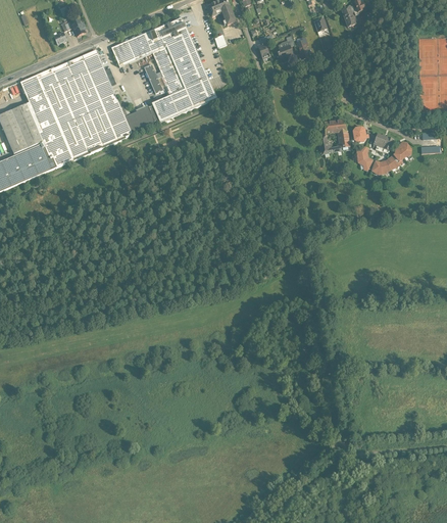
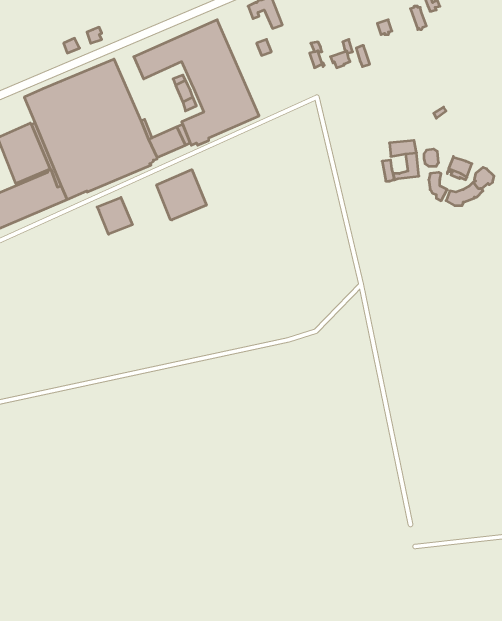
building: none -> [157,170,206,220]
building: none -> [97,197,132,234]

